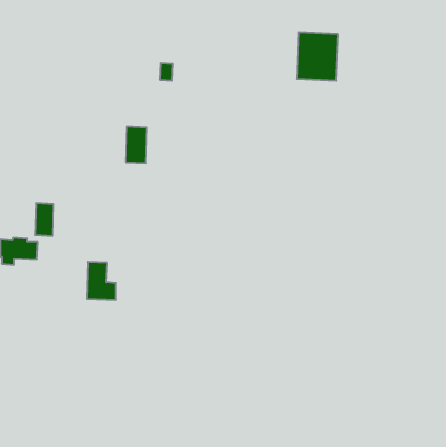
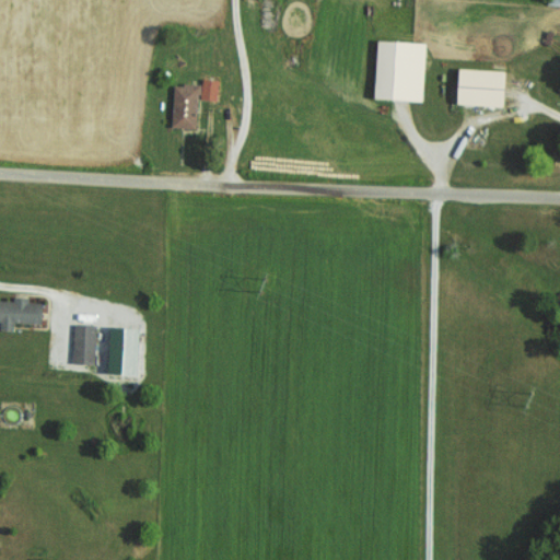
building: none -> [454,70,503,107]
building: [126,127,147,163] -> [173,84,199,130]
building: [35,203,54,236] -> [79,325,102,365]

